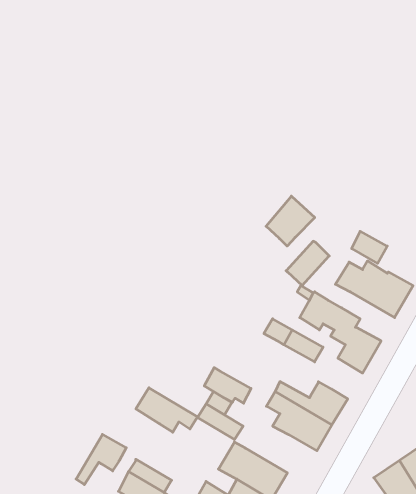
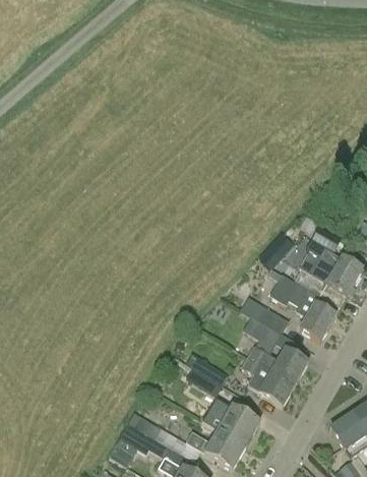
building: [266,196,315,246] -> none
building: [204,368,251,403] -> [243,314,282,344]
building: [136,388,197,432] -> none
building: [76,434,126,485] -> none

